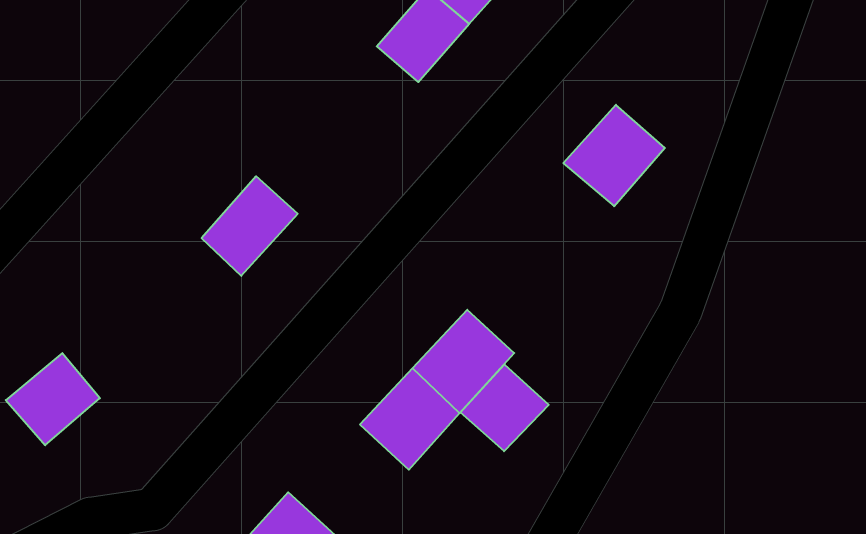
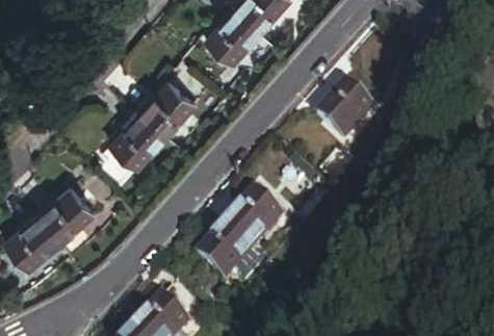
building: none -> [142,85,194,137]
building: none -> [35,186,89,239]
building: [460,364,549,451] -> none

